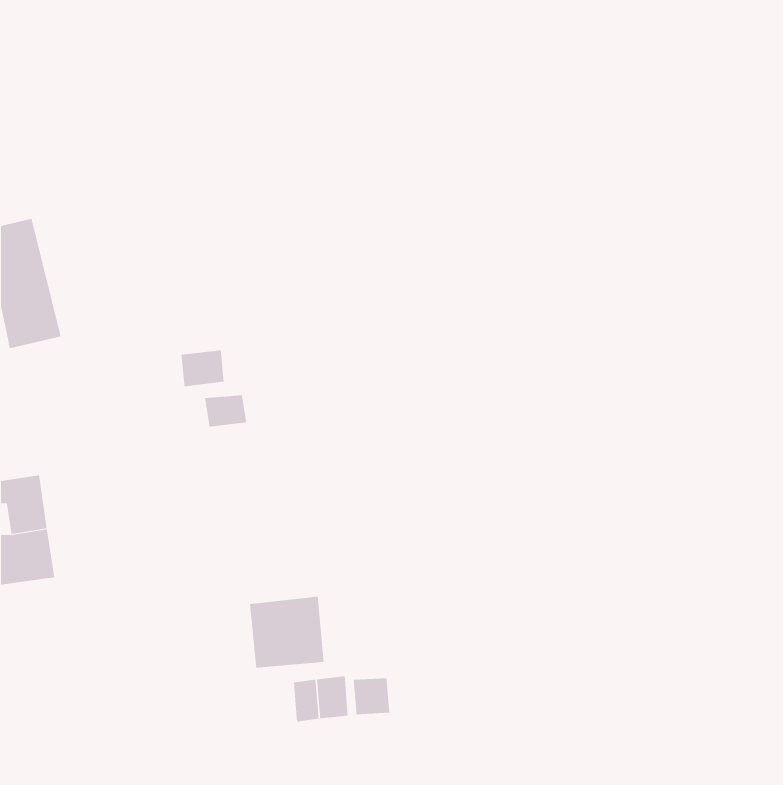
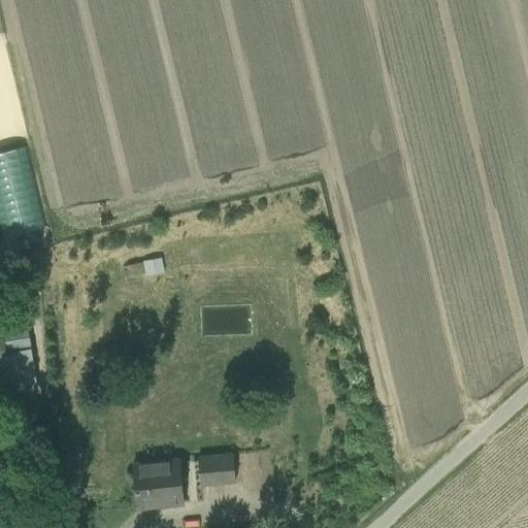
building: [181,349,224,387] -> none
building: [249,596,324,668] -> [133,460,184,508]
building: [353,677,390,715] -> none

